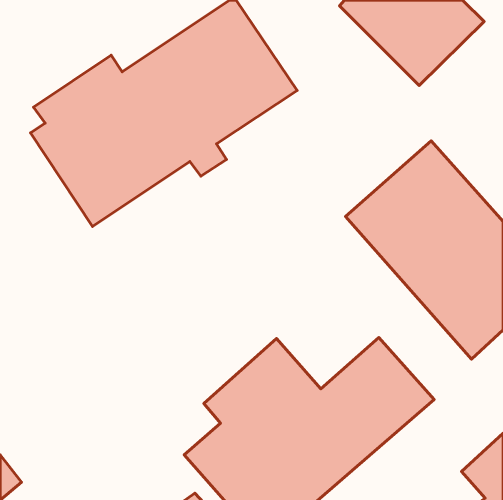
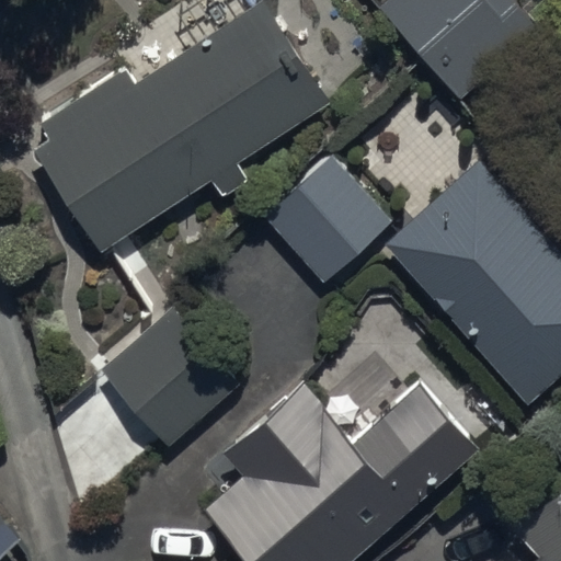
building: none -> [263,152,394,285]
building: none -> [101,308,241,449]

